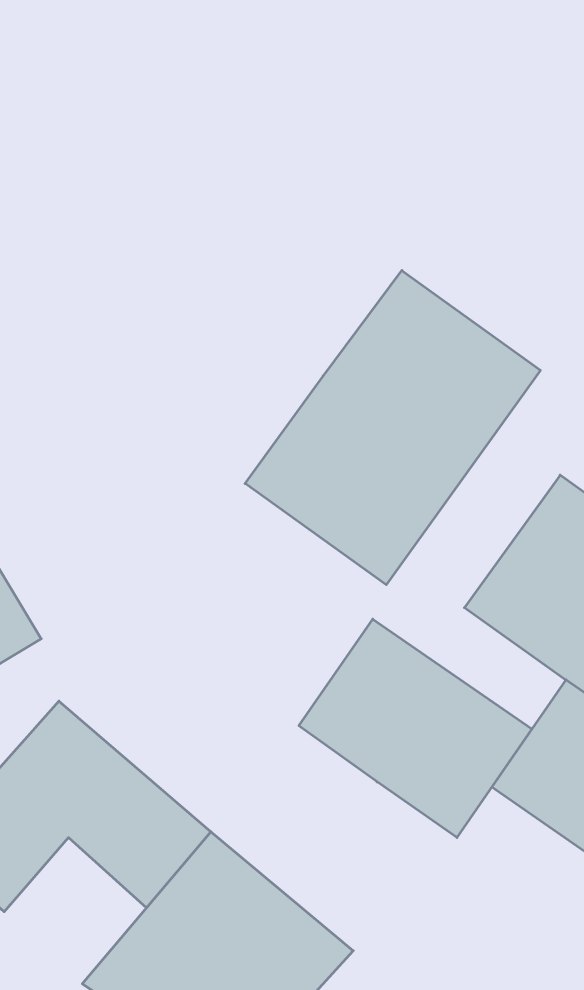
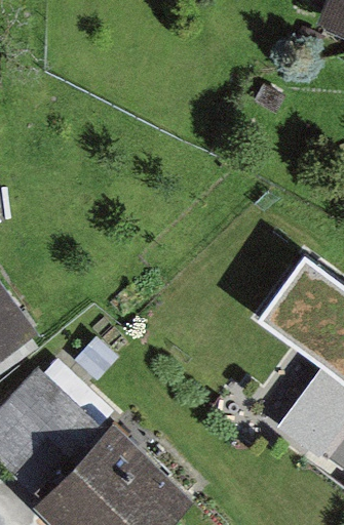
building: [245,270,540,585] -> none
building: [299,619,532,838] -> none

